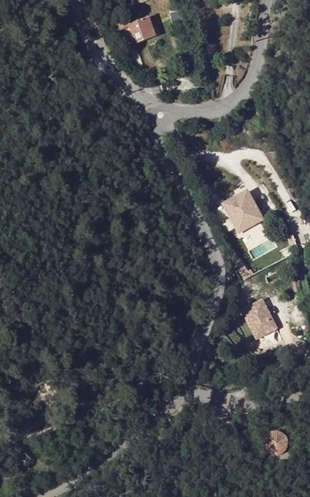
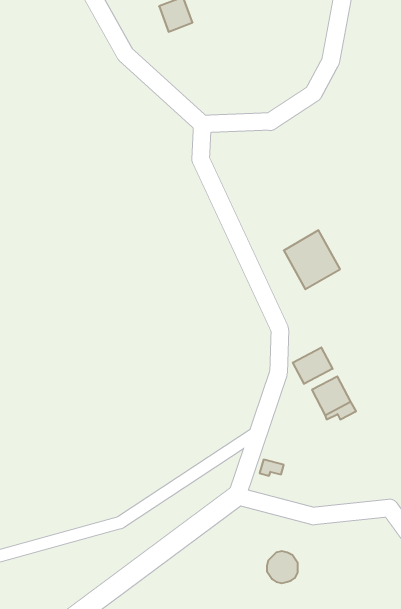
building: none -> [293,347,333,384]
building: [263,427,286,451] -> [267,551,298,583]

